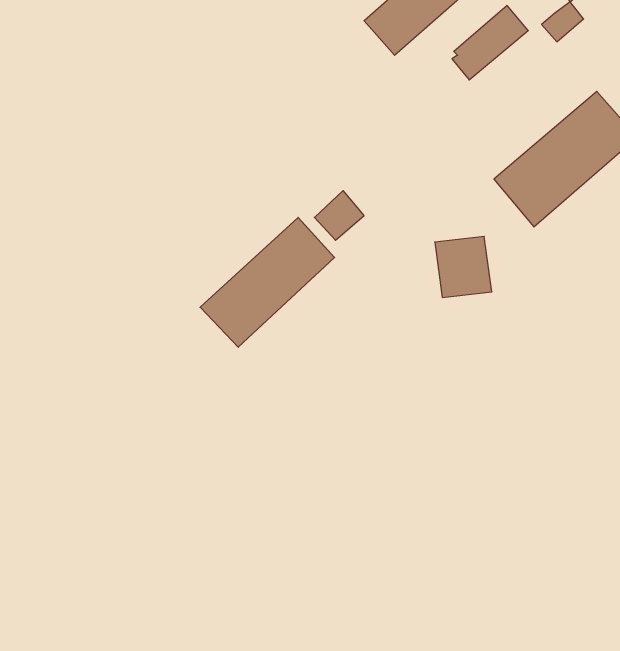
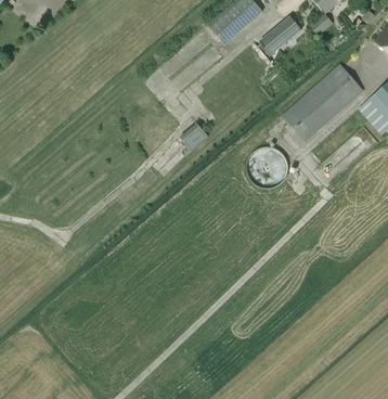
building: [200,217,335,347] -> none

